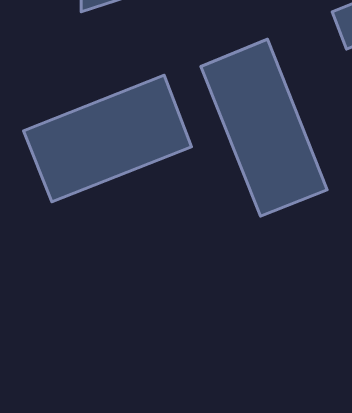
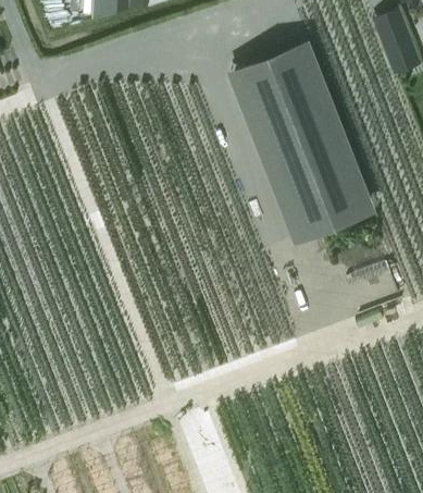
building: [23,75,192,202] -> none

